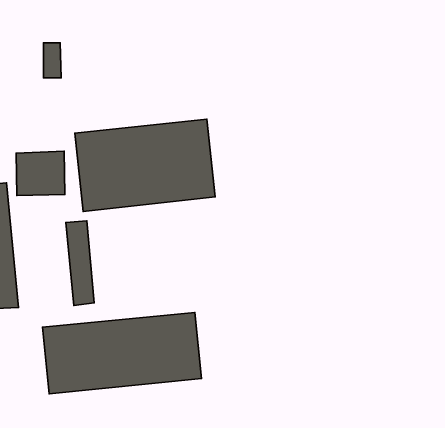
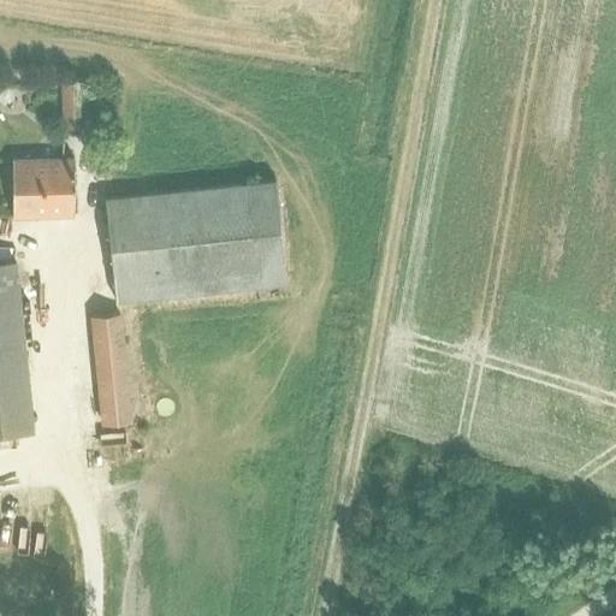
building: [16,151,65,195] -> [11,160,75,218]
building: [43,313,201,394] -> none

